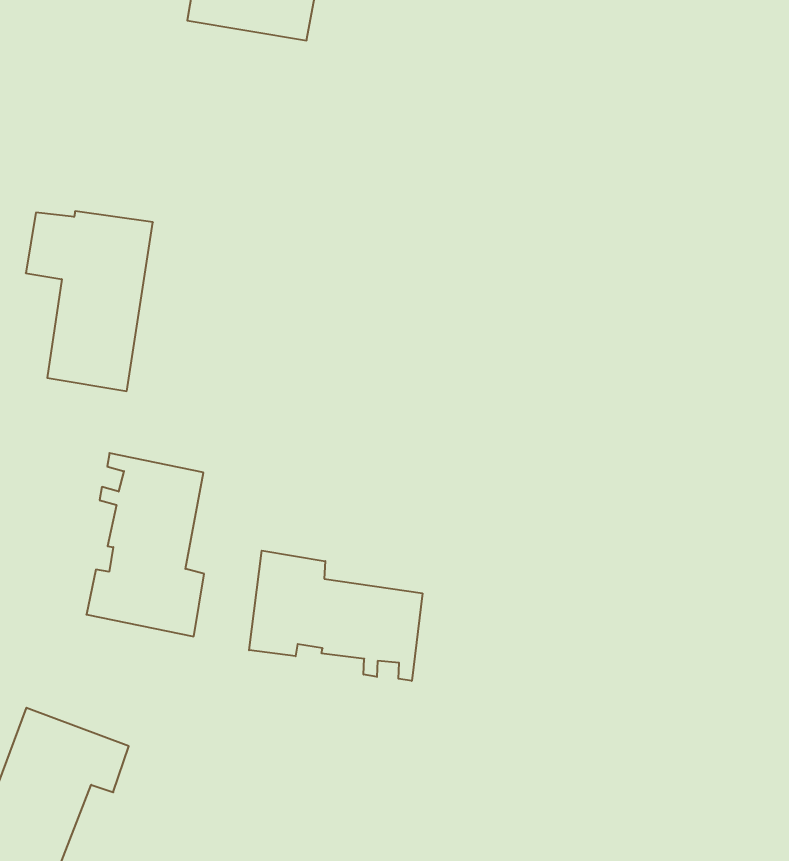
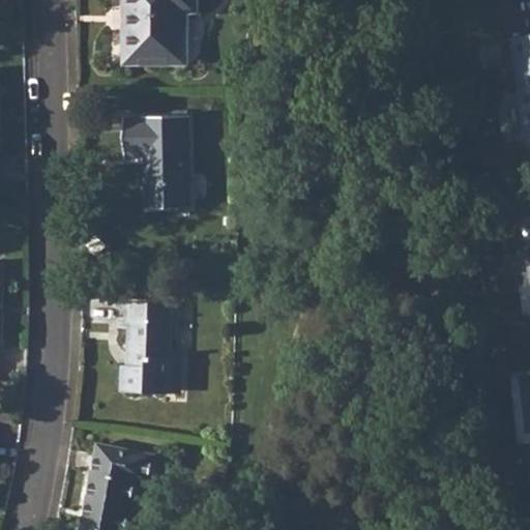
building: [26,211,153,391] -> [123,115,187,207]
building: [249,551,422,681] -> none

